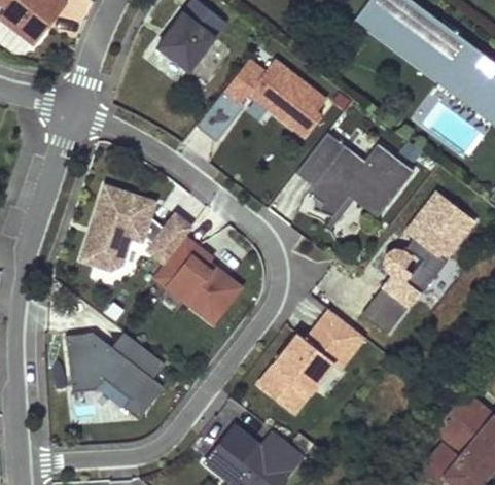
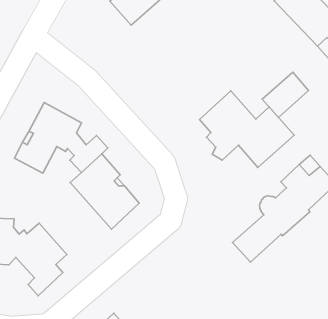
building: [199,59,325,136] -> none
building: none -> [262,72,309,117]
building: [258,309,362,412] -> none

